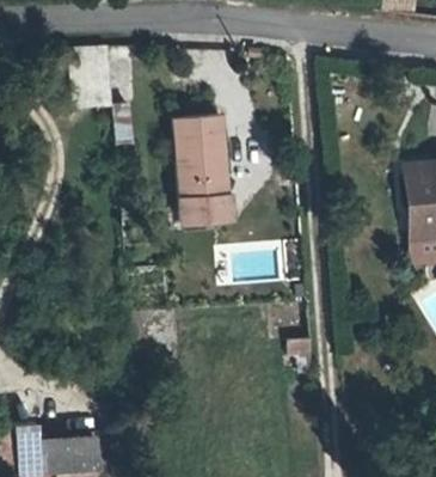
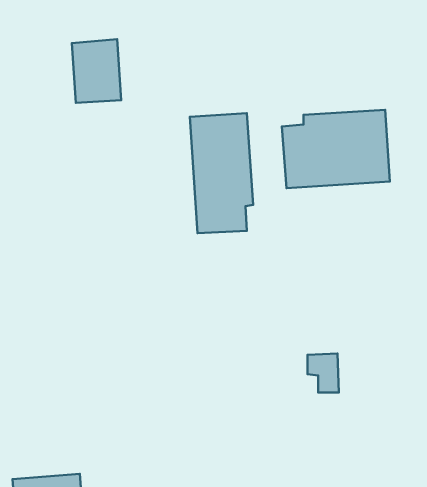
building: none -> [282,110,390,188]

